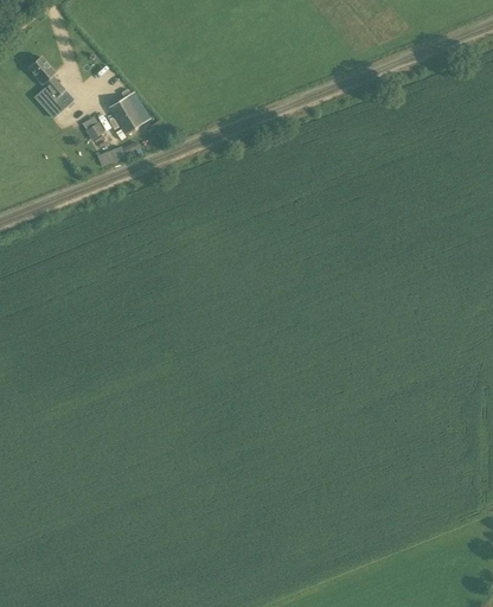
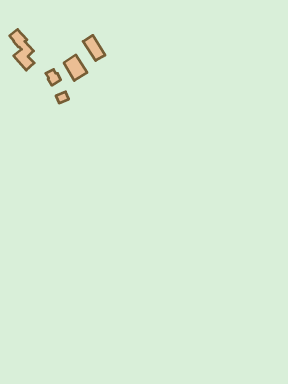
building: none -> [83,35,105,61]

